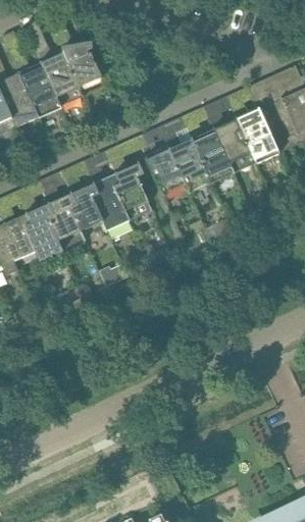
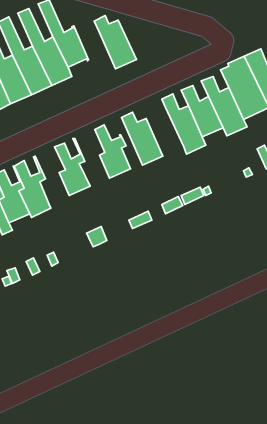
building: [163,127,210,187] -> [94,16,136,69]
building: [89,157,132,229] -> none
building: [45,176,83,241] -> none

